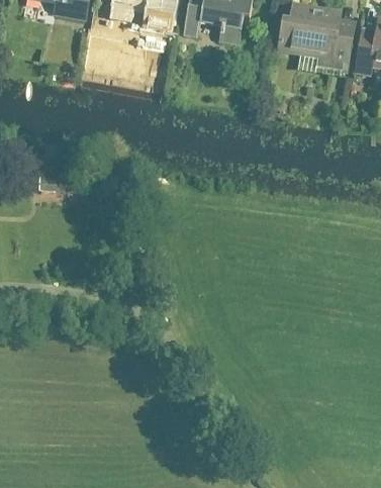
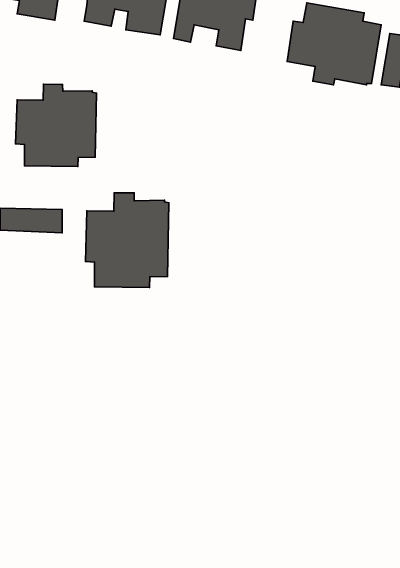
building: none -> [16,84,96,167]
building: none -> [85,193,169,288]

